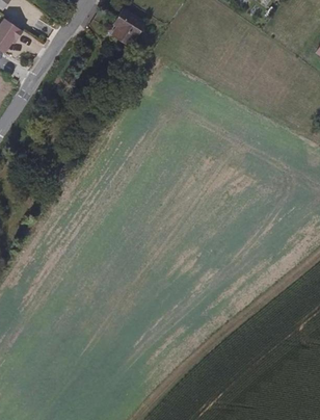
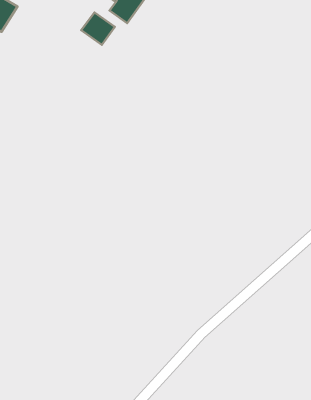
building: none -> [81,12,115,45]

